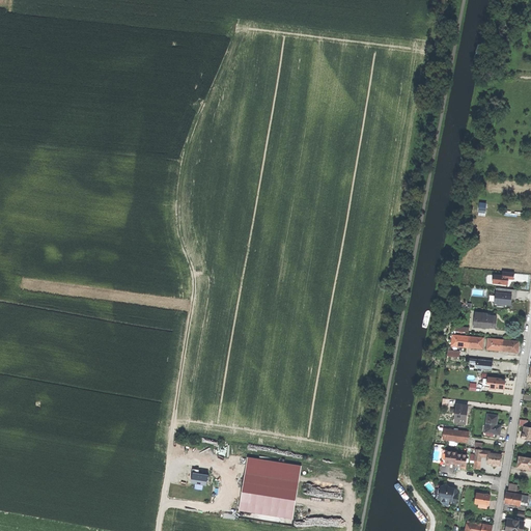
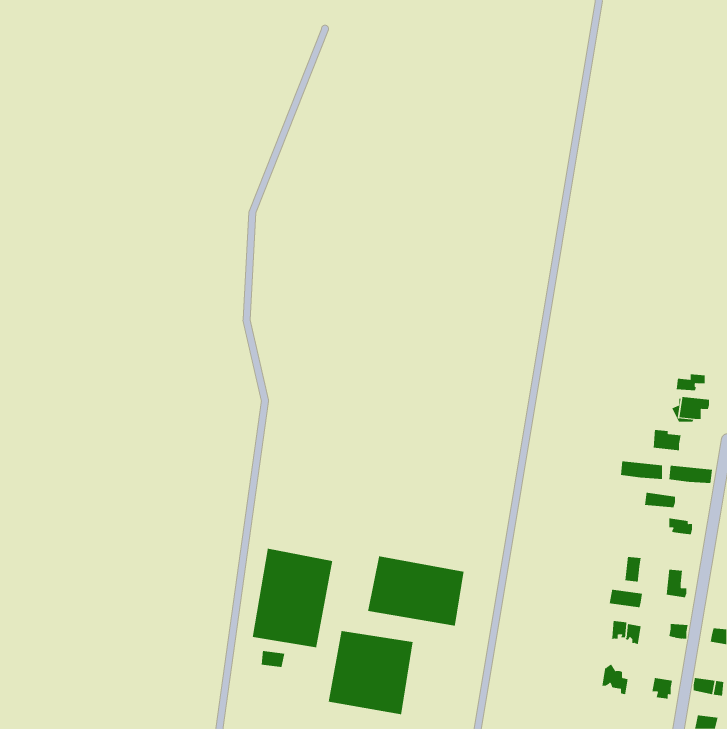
building: none -> [252,548,333,648]
building: none -> [368,555,464,627]

